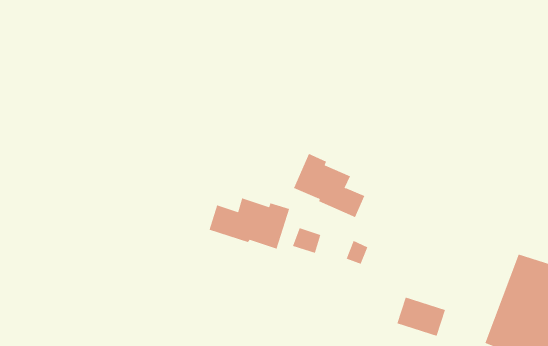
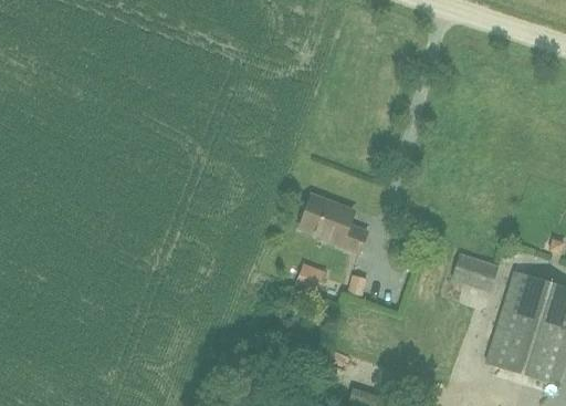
building: [209,198,290,249] -> none
building: [396,297,446,337] -> [455,261,501,296]

